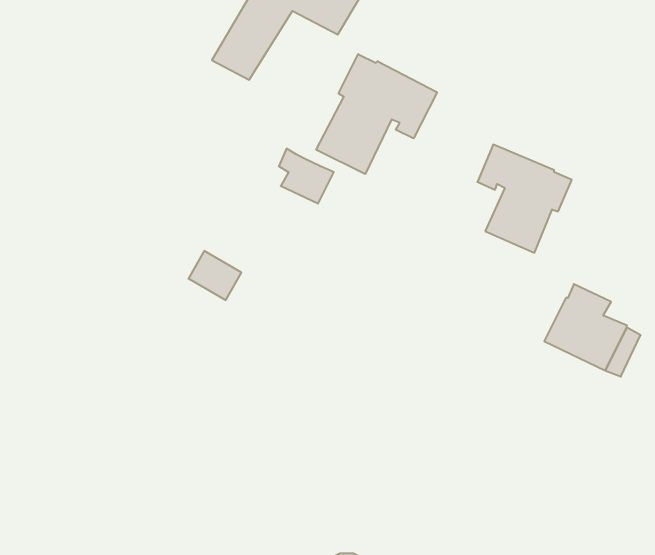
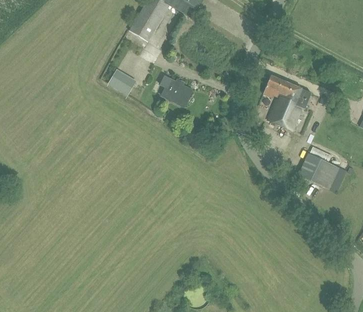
building: [316,54,437,174] -> none
building: [188,251,241,300] -> [108,70,135,95]

